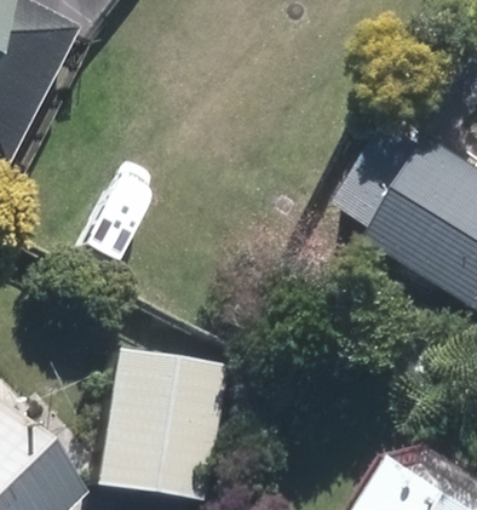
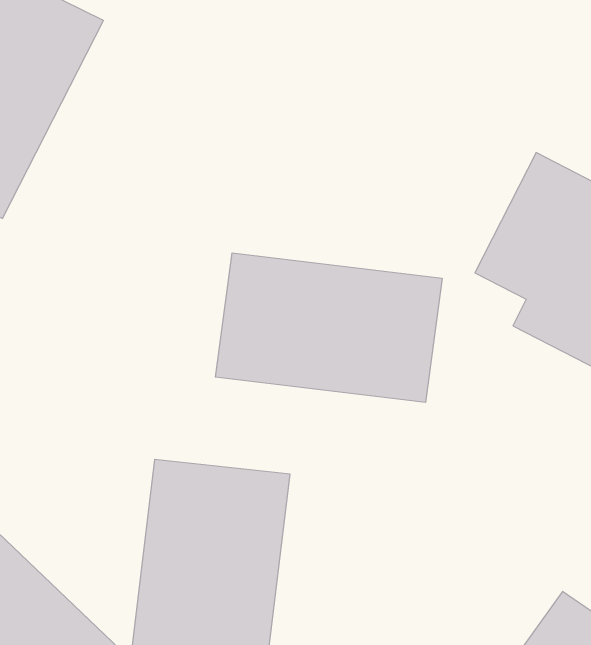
building: none -> [215,253,442,402]

